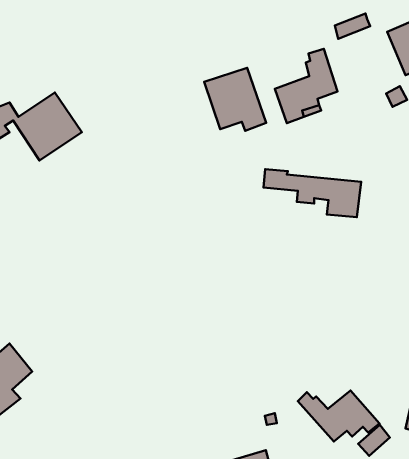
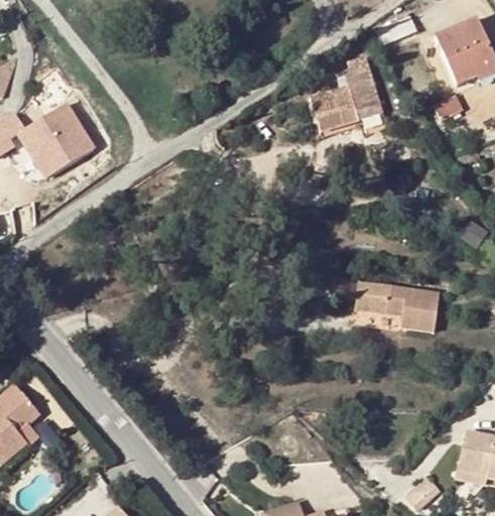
building: [204,68,266,131] -> none
building: [263,169,361,217] -> [331,275,440,329]
building: [298,390,379,441] -> none

